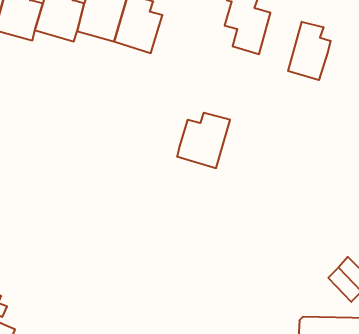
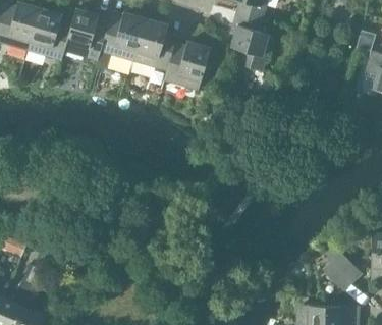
building: [288,22,331,80] -> none
building: [177,113,230,168] -> [163,42,210,91]

